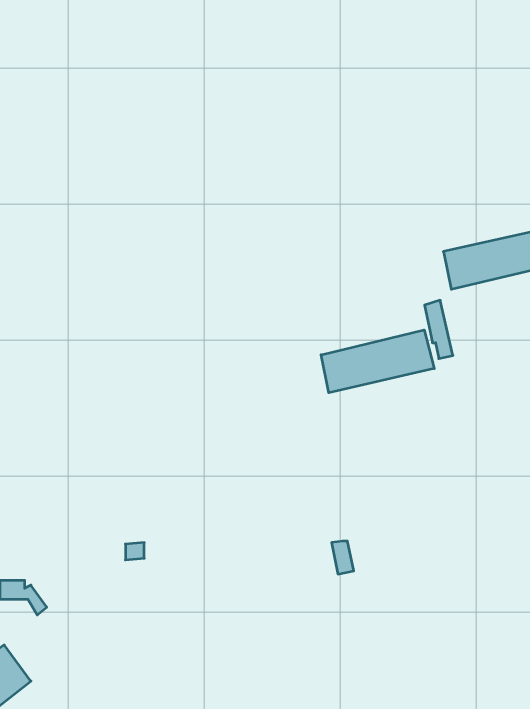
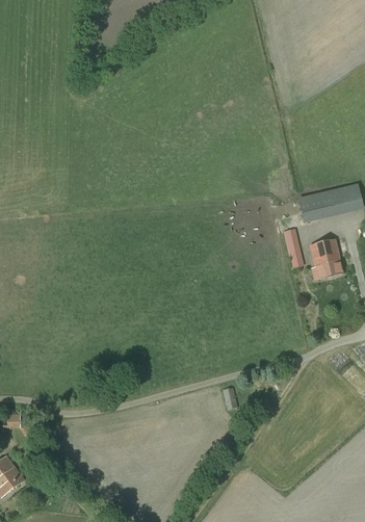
building: none -> [310,239,344,281]
building: [321,330,434,393] -> none

